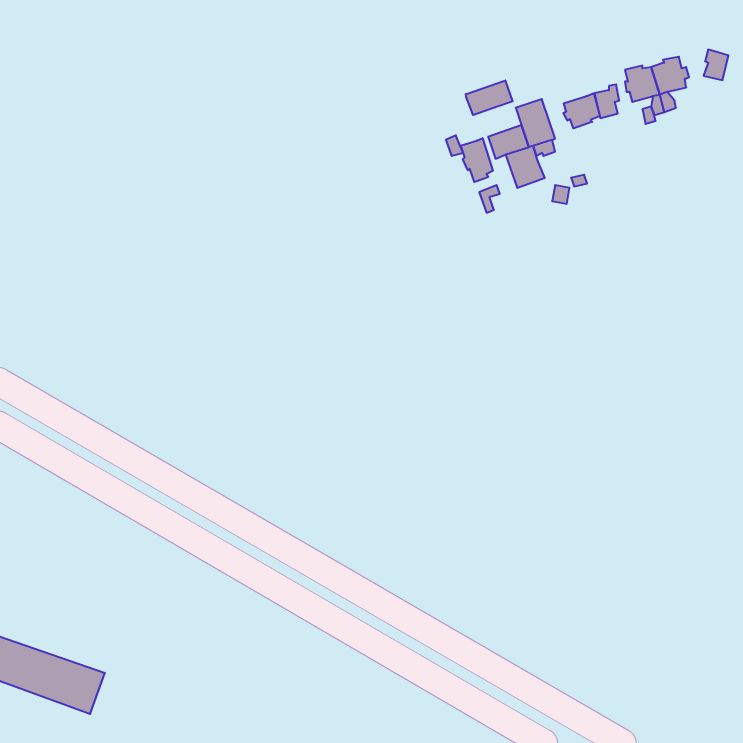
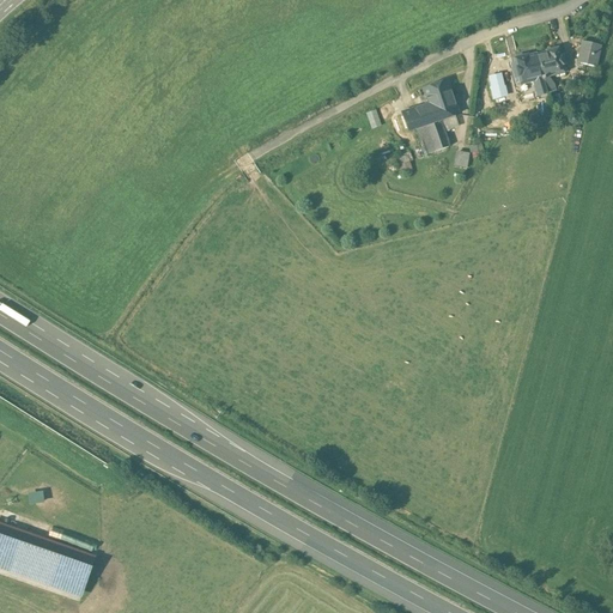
building: [466,80,513,115] -> none
building: [563,93,600,128] -> none
building: [461,138,493,182] -> none

